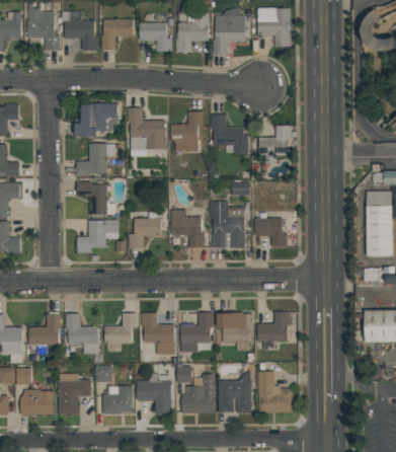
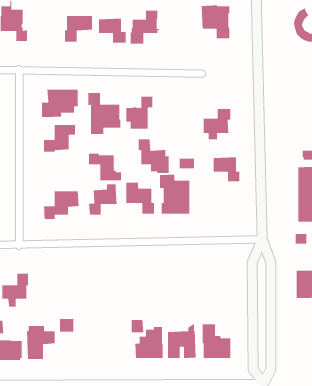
building: [213,7,244,54] -> none
building: [61,10,96,50] -> none
building: [211,114,247,154] -> [138,139,170,174]
building: [76,181,114,214] -> [88,153,122,181]
building: [254,217,286,246] -> [213,157,240,182]
building: [179,311,213,351] -> none
building: [217,311,252,350] -> none
building: [257,311,290,350] -> none
building: [103,312,136,351] -> none
building: [141,312,173,353] -> none
building: [65,313,97,354] -> none
building: [136,373,170,412] -> none
building: [101,384,132,412] -> none

